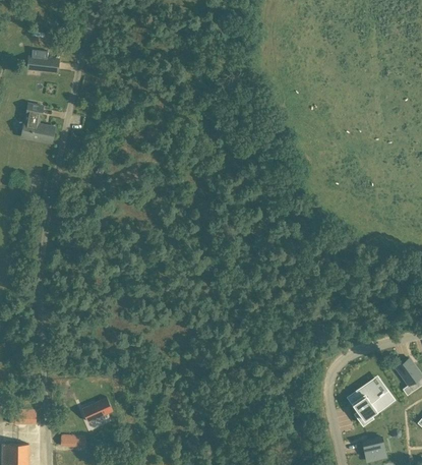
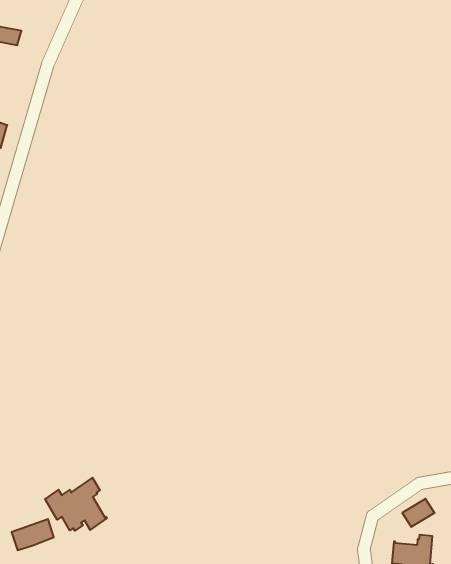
building: none -> [45,478,107,531]

